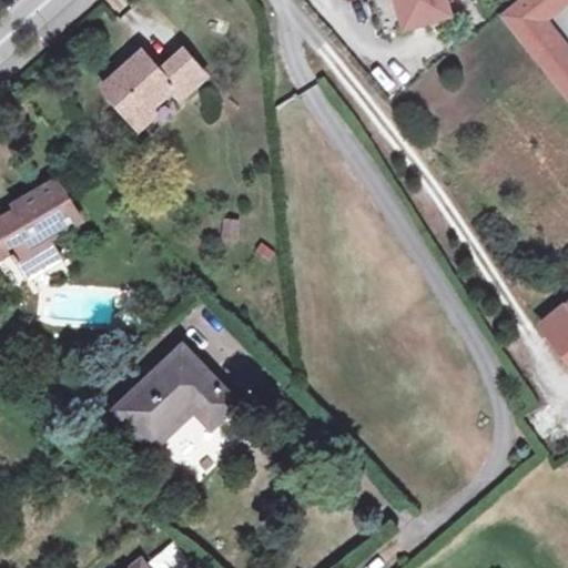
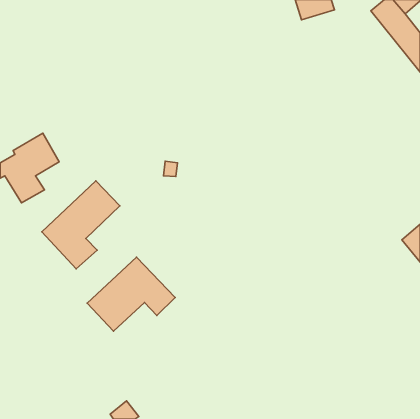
building: [104,49,205,119] -> none
building: none -> [42,181,120,269]

